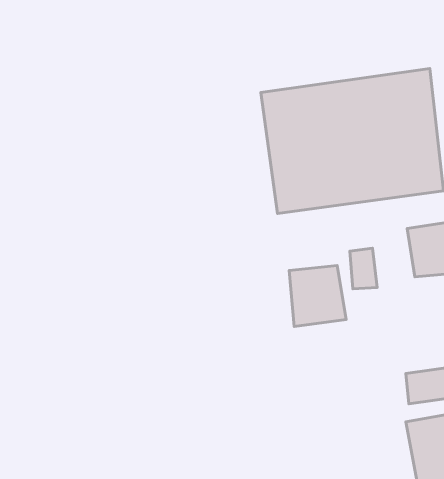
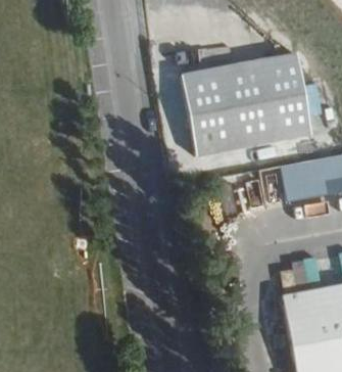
building: [289,265,346,327] -> none

